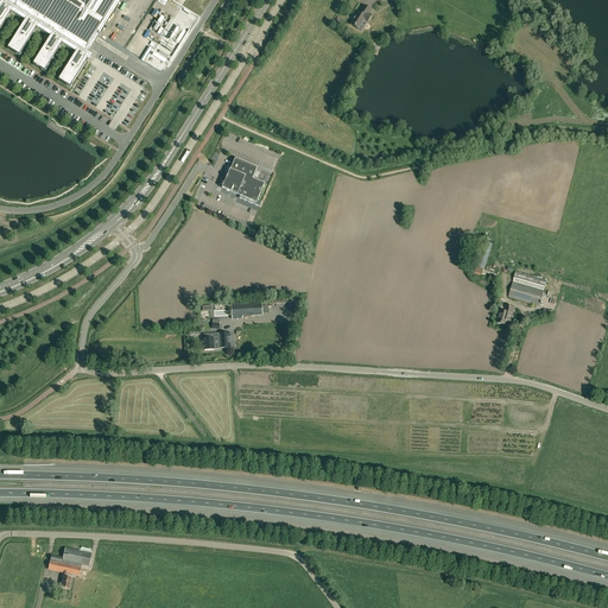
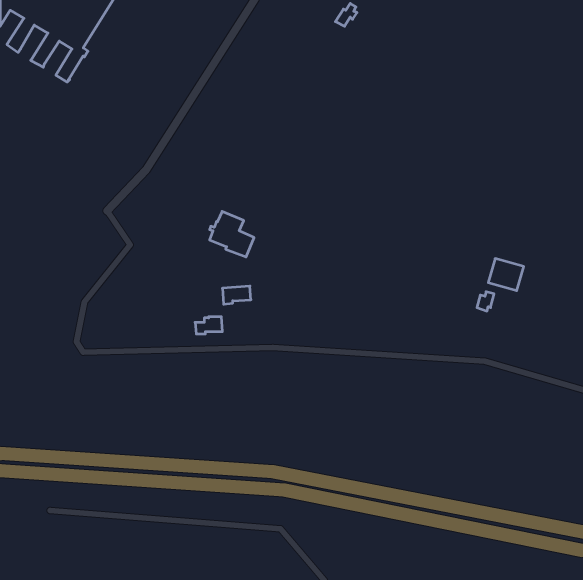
building: [222,157,268,204] -> [210,211,254,257]
building: [49,546,91,587] -> none

